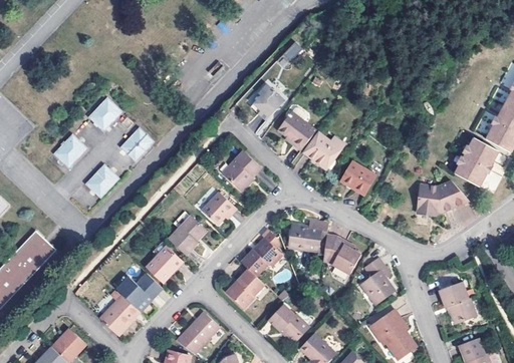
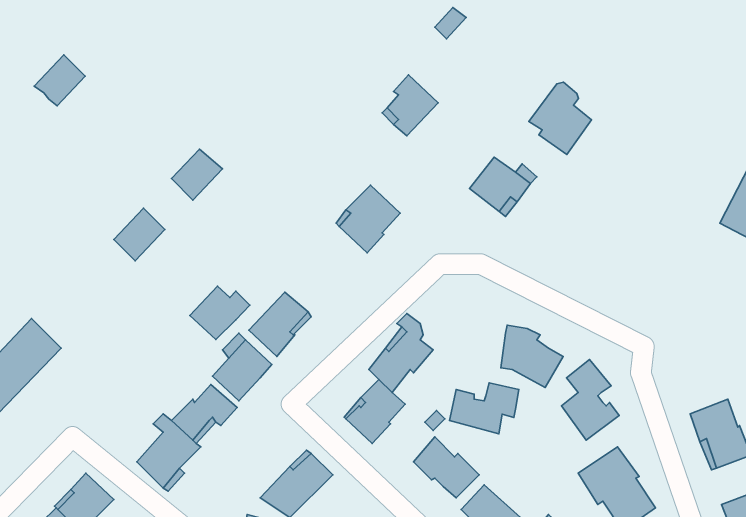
building: [89,98,120,129] -> [34,55,85,106]
building: [278,106,316,150] -> [529,82,592,154]
building: [54,134,86,166] -> none
building: [339,160,374,195] -> none
building: [416,182,466,215] -> none
building: [202,192,237,224] -> none
building: none -> [190,286,250,339]
building: [286,220,328,251] -> [450,383,519,434]

